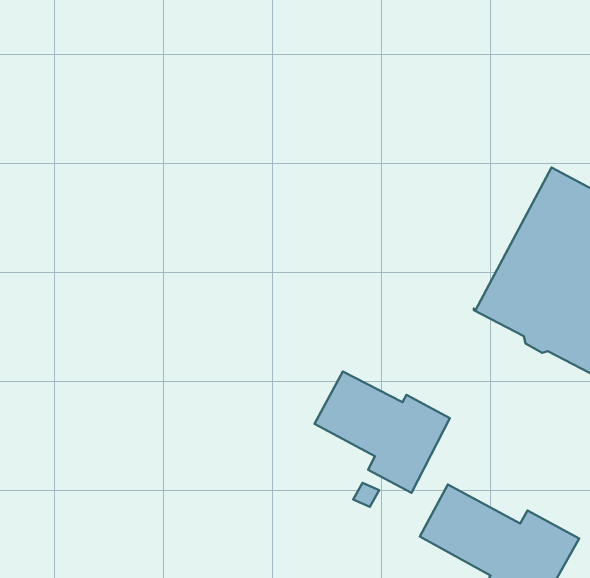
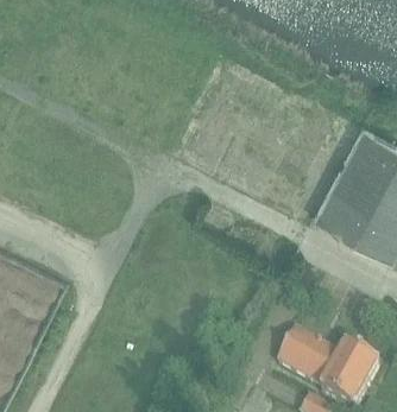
building: [315,371,450,493] -> none

